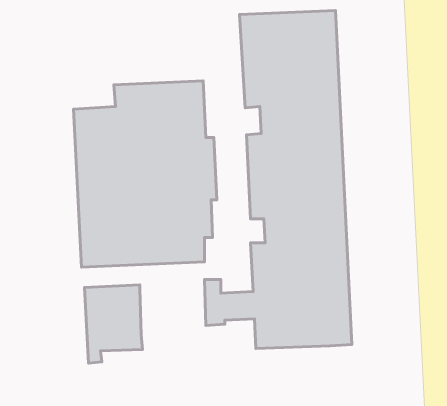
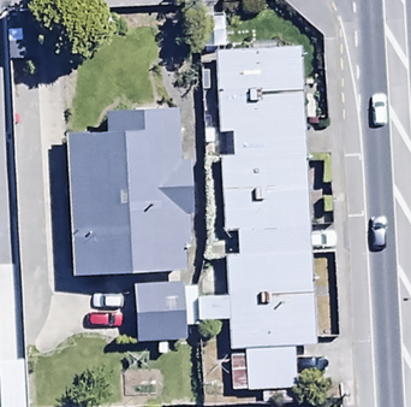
building: [84,285,143,363] -> [133,282,185,352]
building: none -> [228,344,318,389]

